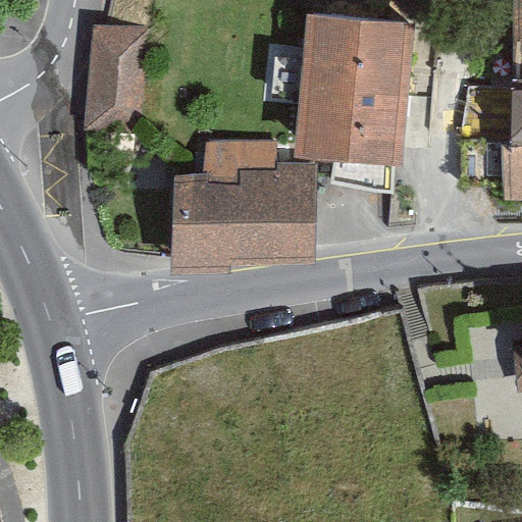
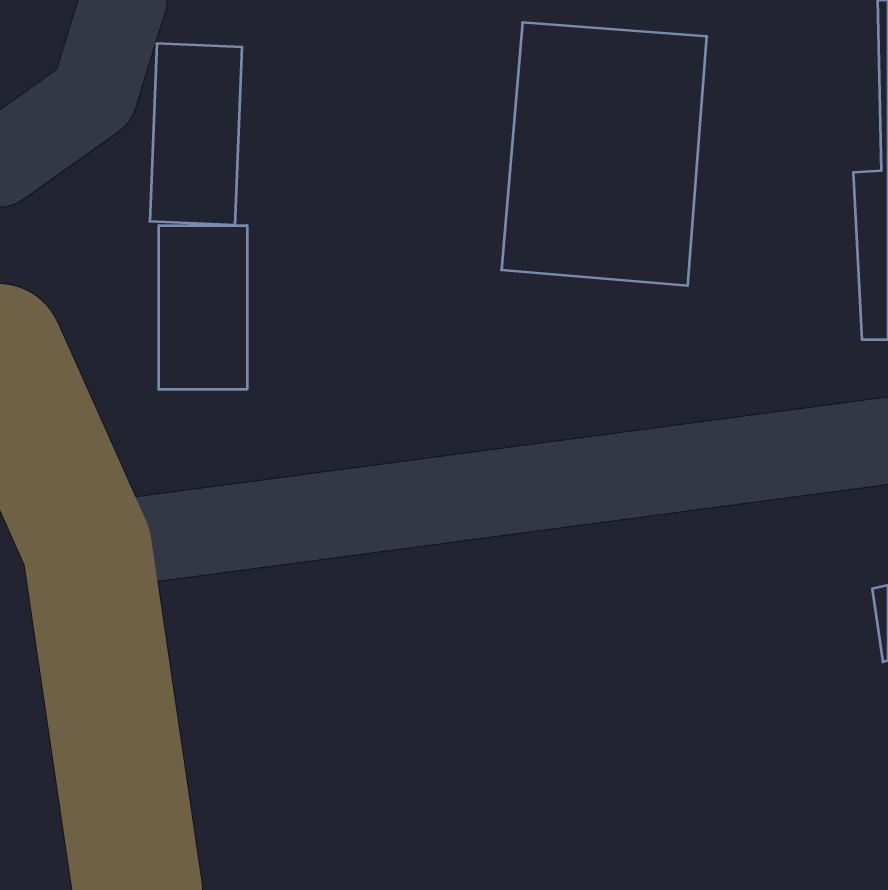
building: none -> [159,225,247,390]
building: [171,141,316,264] -> none

